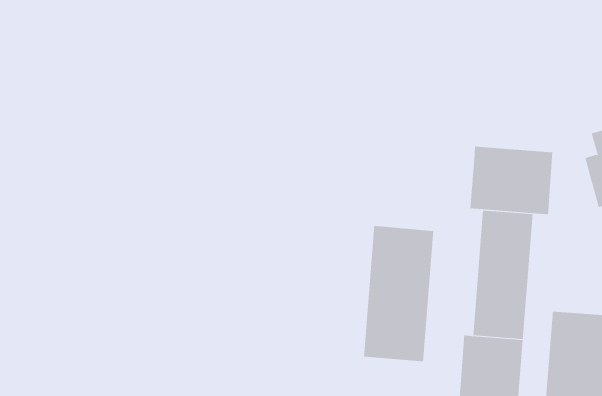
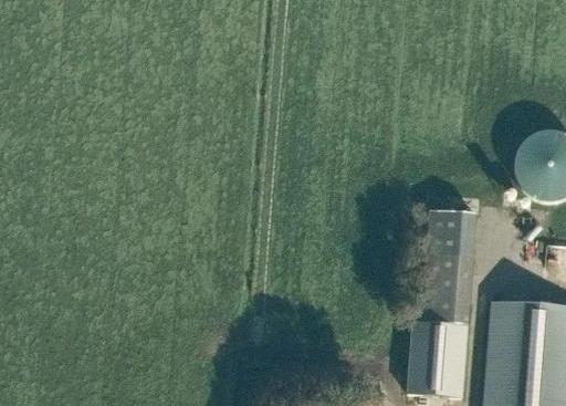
building: [470,146,553,215] -> none
building: [363,225,434,362] -> none

